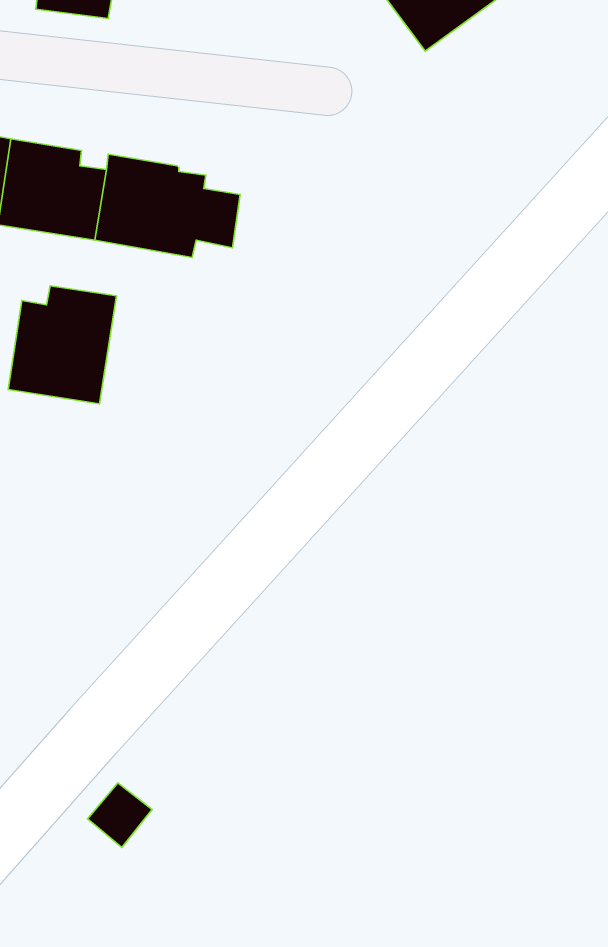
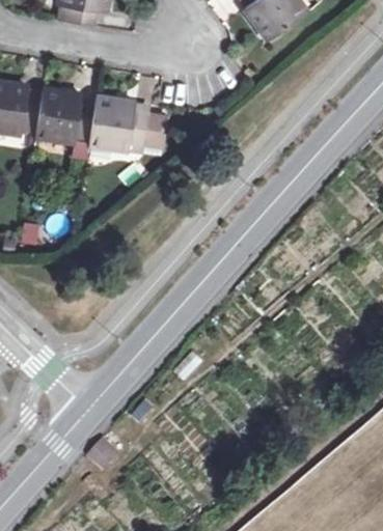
building: [8,286,117,404] -> none

